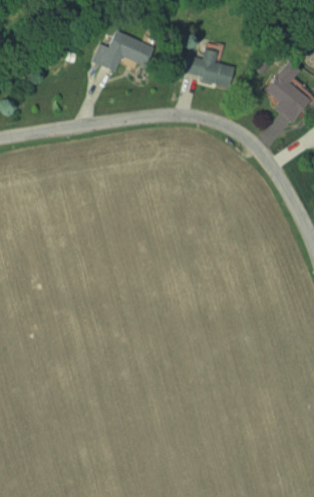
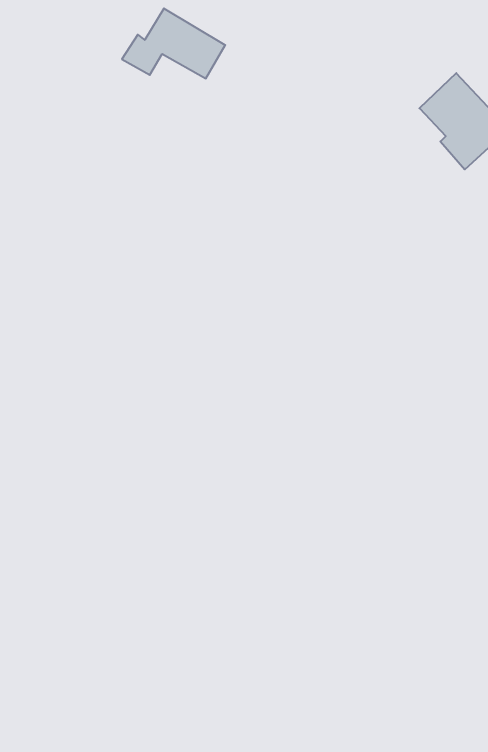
building: [187,49,235,83] -> none

